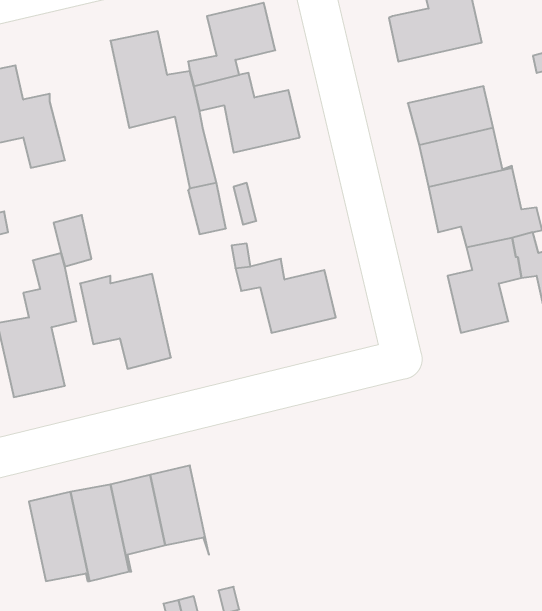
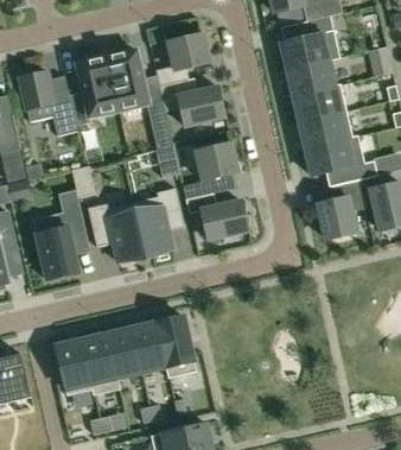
building: none -> [69,56,119,125]
building: none -> [287,57,340,95]
building: none -> [196,142,237,179]
building: none -> [133,188,184,254]
building: none -> [157,316,197,378]

